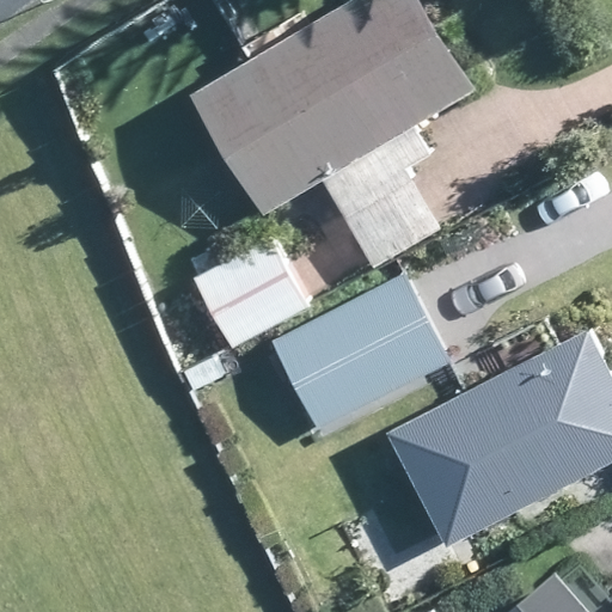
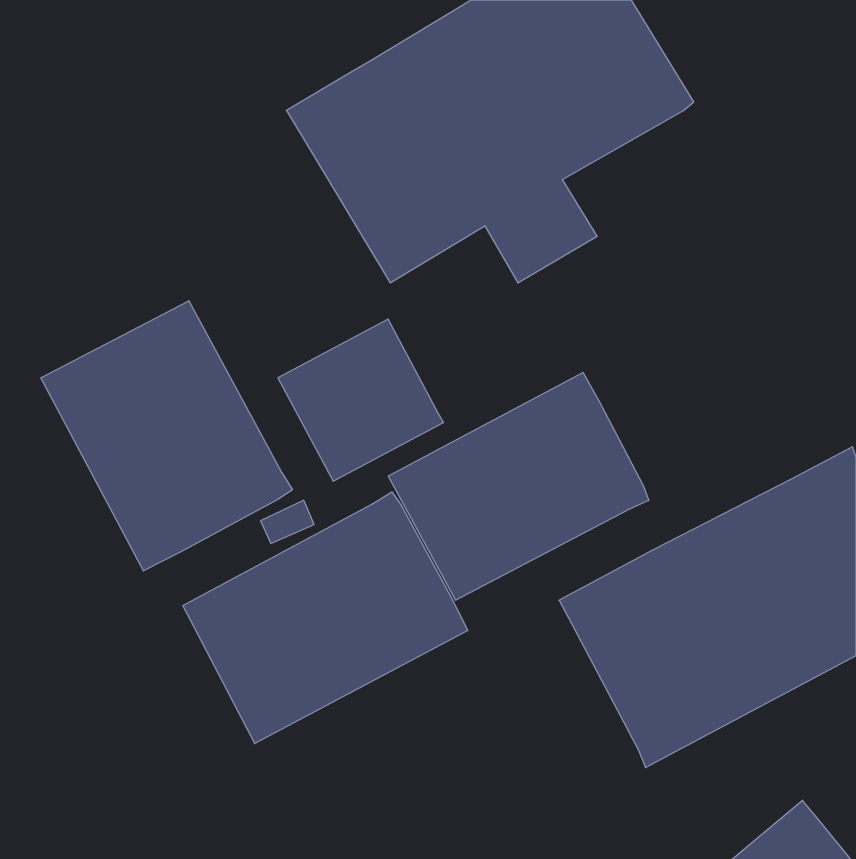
building: none -> [41,301,292,571]
building: none -> [183,492,468,744]

